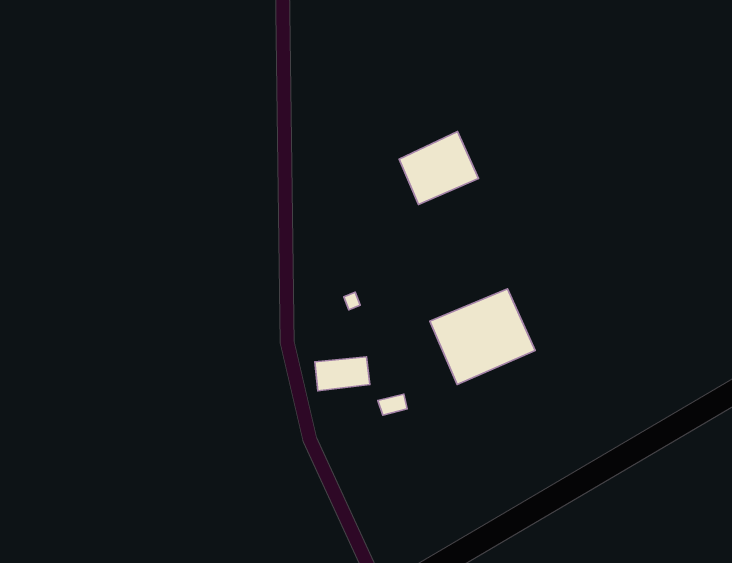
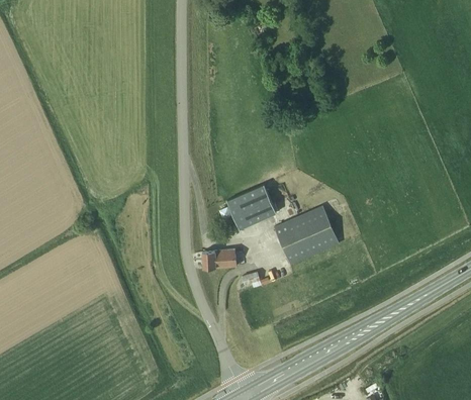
building: [399,132,478,204] -> [226,184,276,229]

